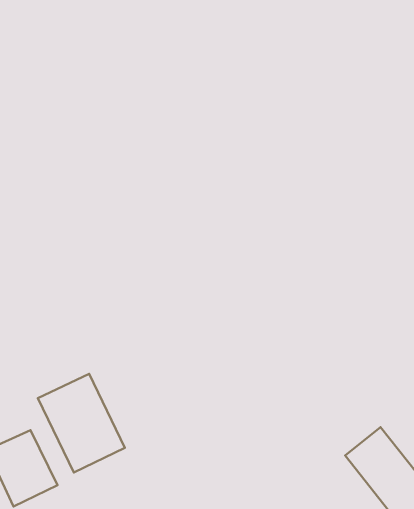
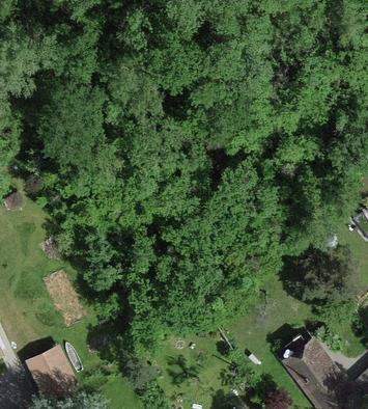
building: [38,374,125,473] -> none

